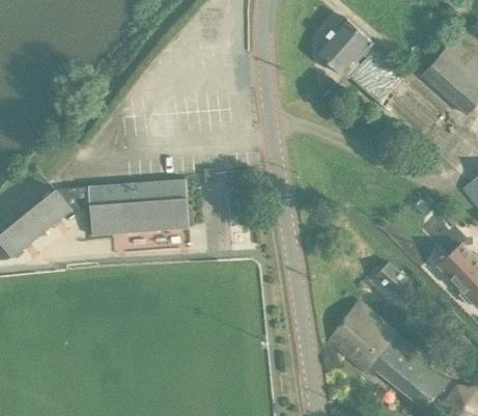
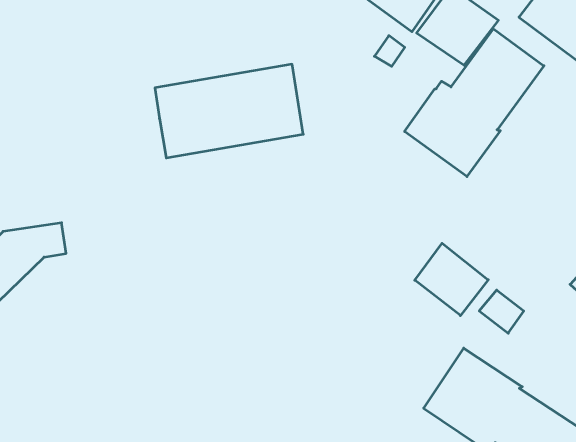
building: none -> [405,29,544,177]
building: [87,179,188,237] -> [155,64,303,158]
building: none -> [415,243,488,316]

